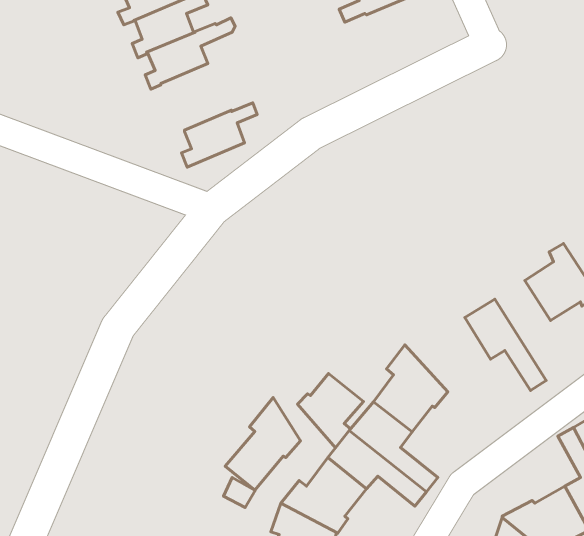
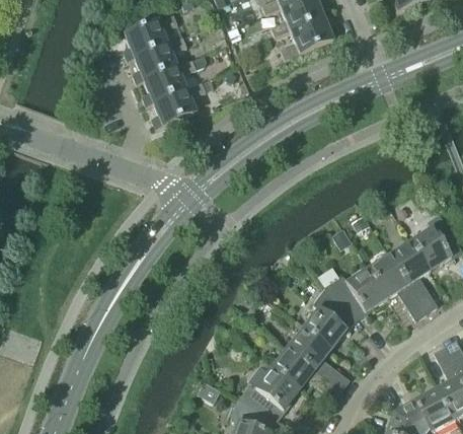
building: [182,103,257,167] -> [150,81,204,127]
building: none -> [389,240,437,311]
building: none -> [325,267,386,319]
building: [298,374,364,448] -> none
building: [225,398,301,490] -> none

